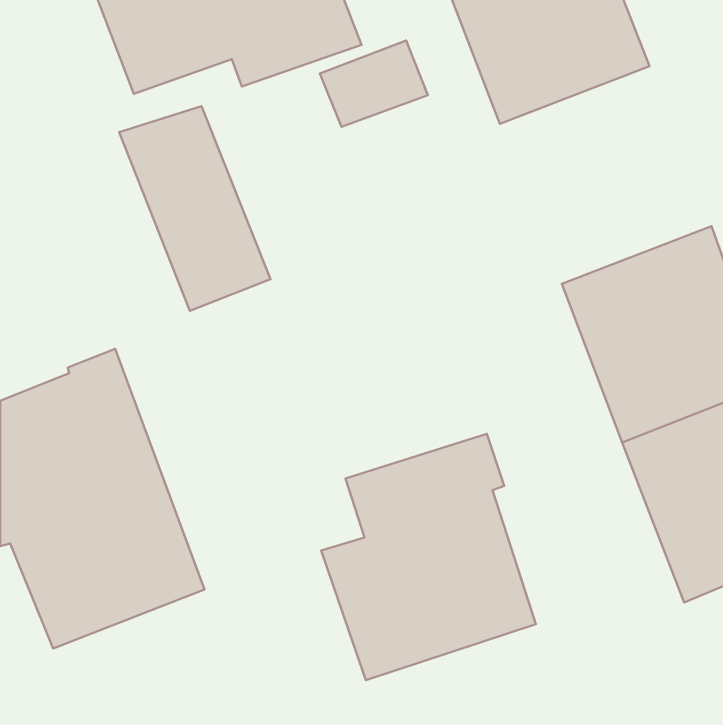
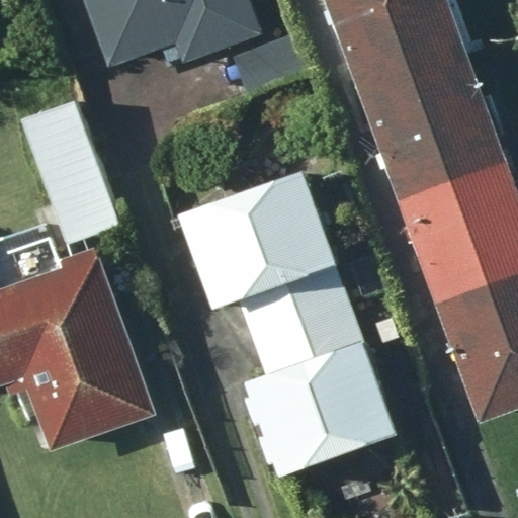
building: none -> [360,47,509,199]
building: [119,106,270,311] -> [15,99,121,243]
building: none -> [170,175,351,336]

